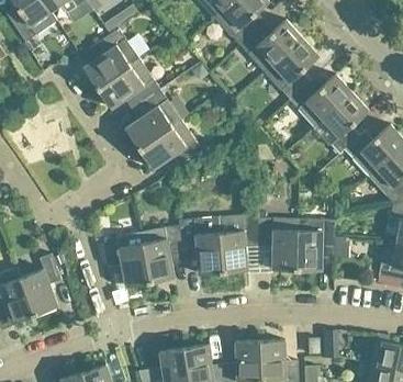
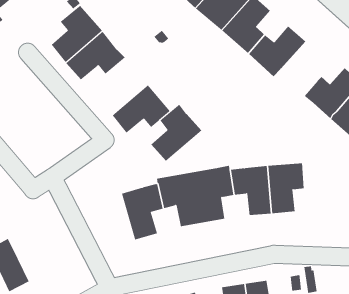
building: [125,89,181,148] -> [151,104,202,162]
building: [323,92,369,154] -> none
building: [104,232,149,286] -> none
building: [21,254,61,314] -> none

